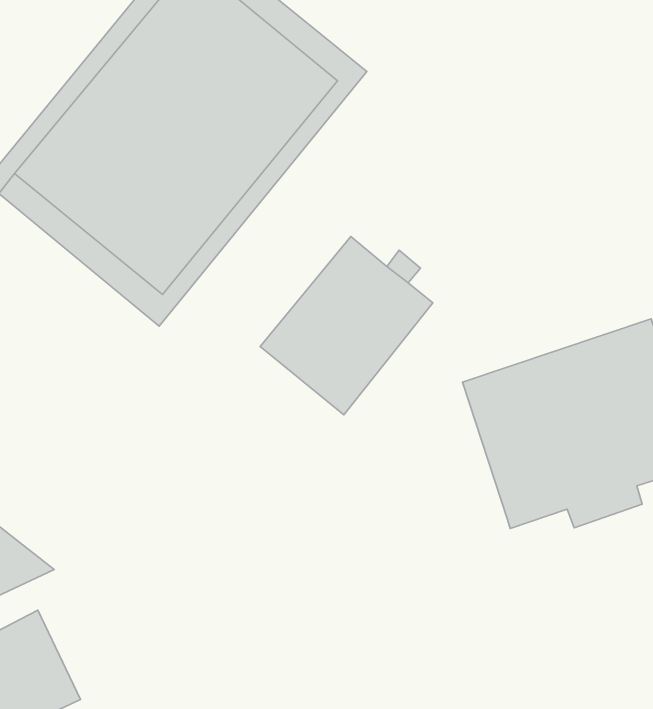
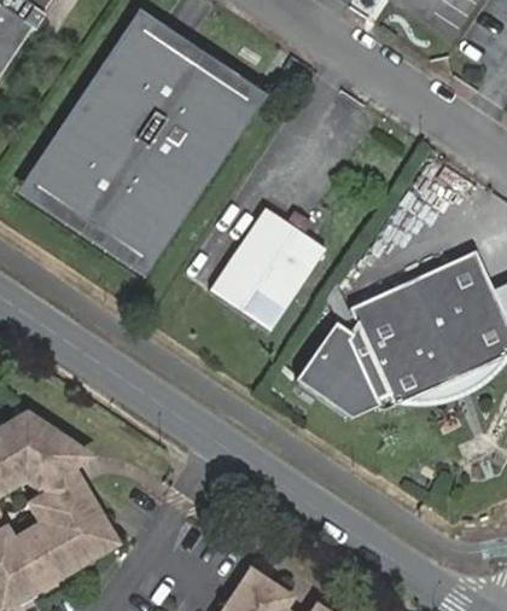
building: none -> [304,301,391,408]

